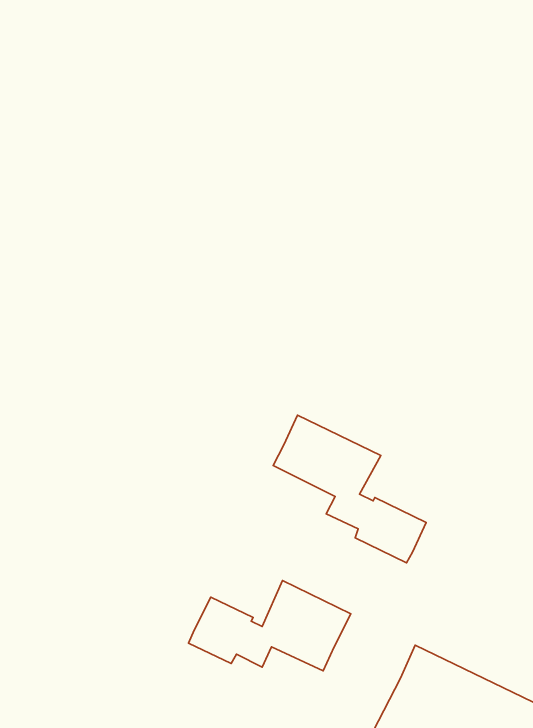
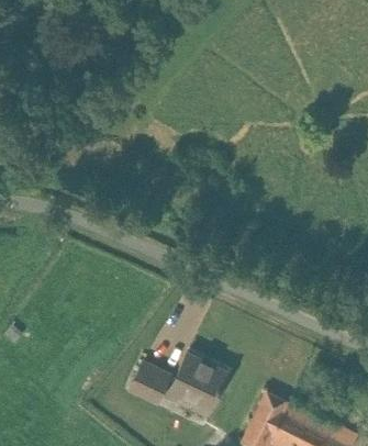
building: [273,415,426,563] -> none

